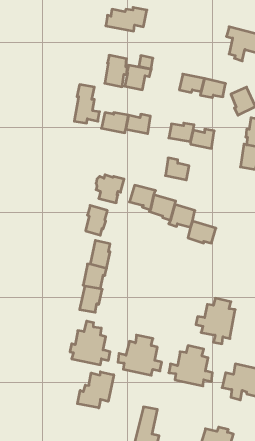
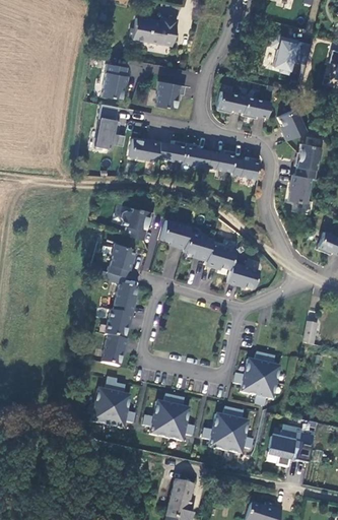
building: [105,55,127,87] -> [100,59,127,95]
building: [165,158,189,180] -> [181,139,208,165]
building: [77,372,114,408] -> none

